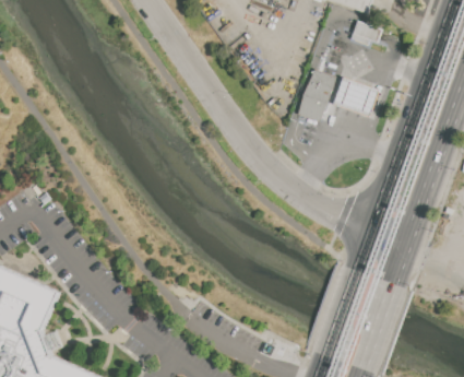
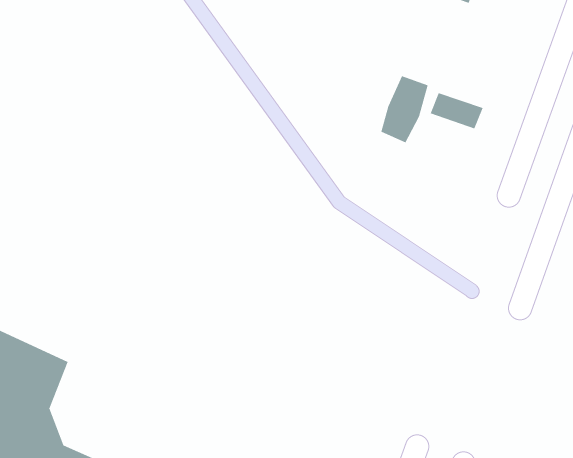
building: [349,21,380,45] -> none

